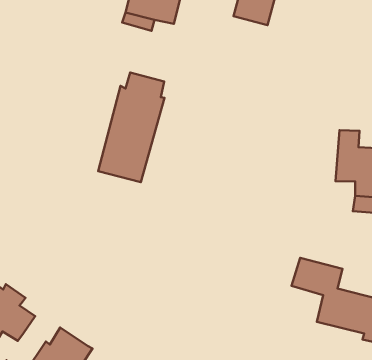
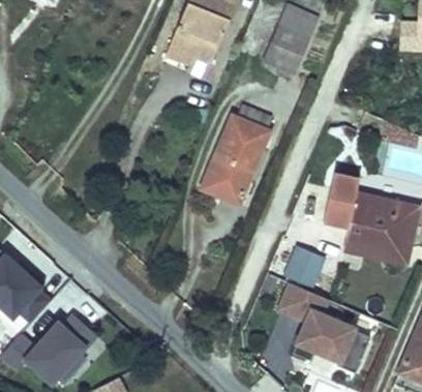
building: [98,73,164,182] -> [202,104,272,203]
building: none -> [285,247,324,285]

